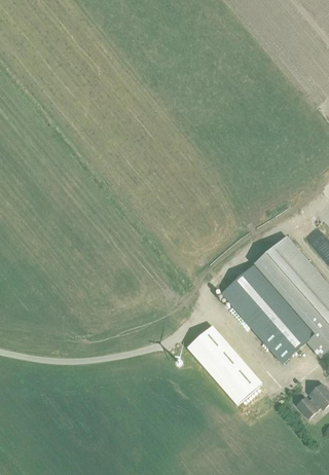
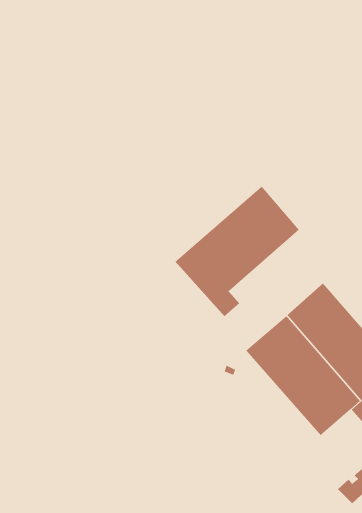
building: none -> [175,185,300,317]
building: [187,326,261,404] -> none

